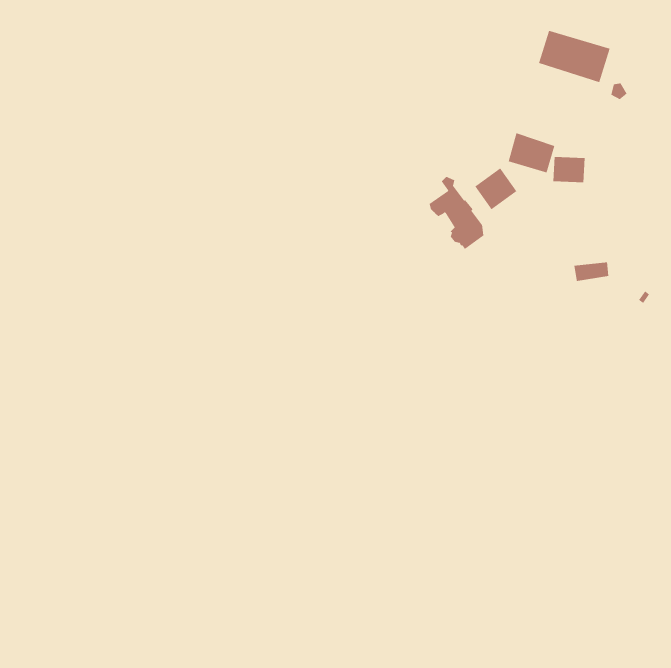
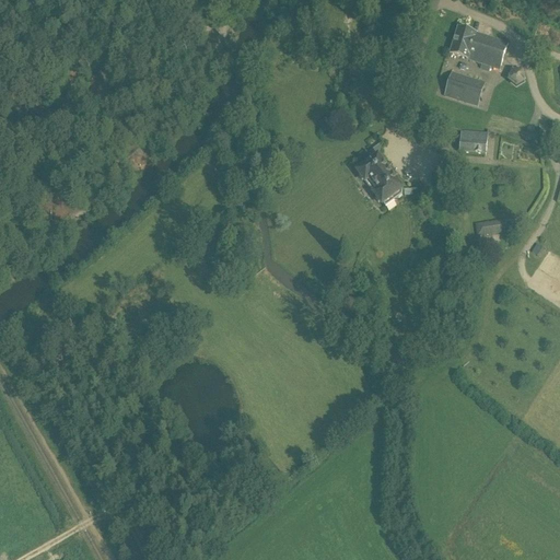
building: [508,133,555,173] -> [444,71,483,105]
building: [474,167,517,210] -> none

